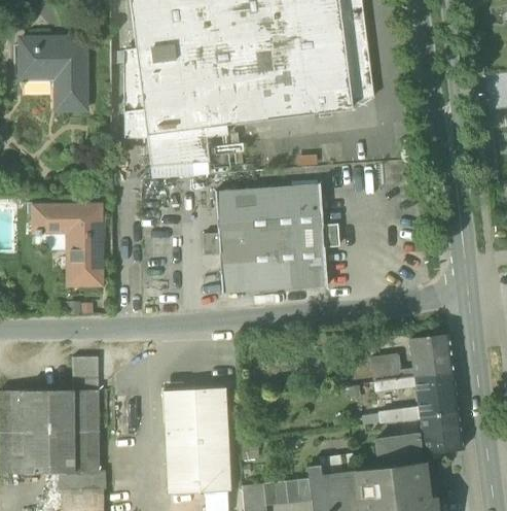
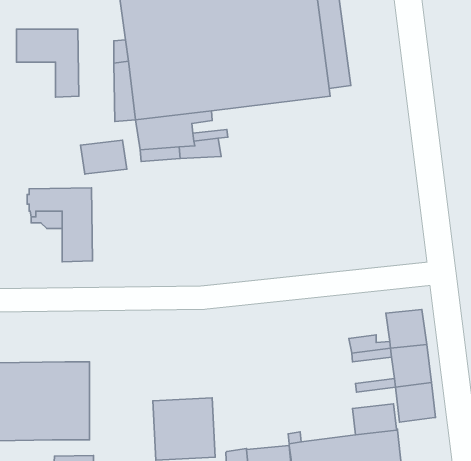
building: none -> [81,140,127,174]
building: [203,185,338,294] -> none
building: [72,357,98,390] -> none
building: [162,387,227,432] -> none
building: [59,473,105,490] -> none

